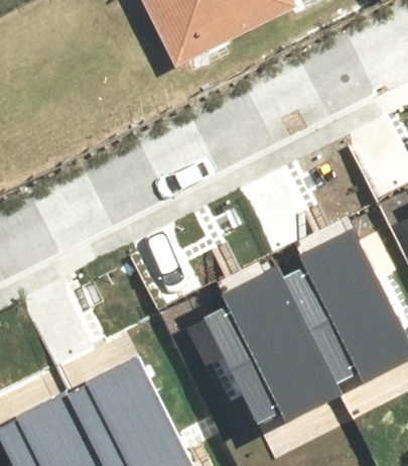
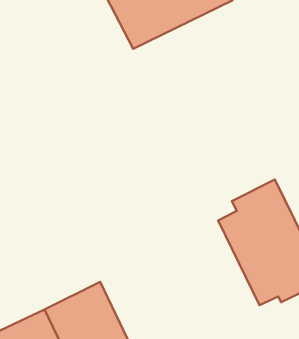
building: [205,268,338,425] -> none

